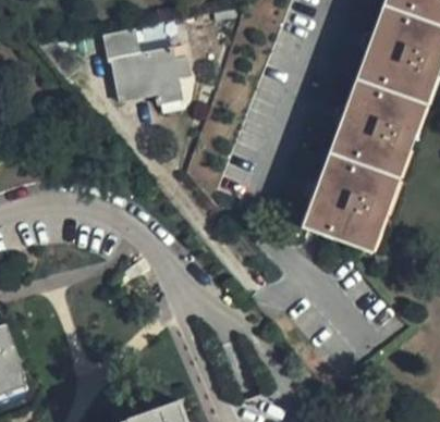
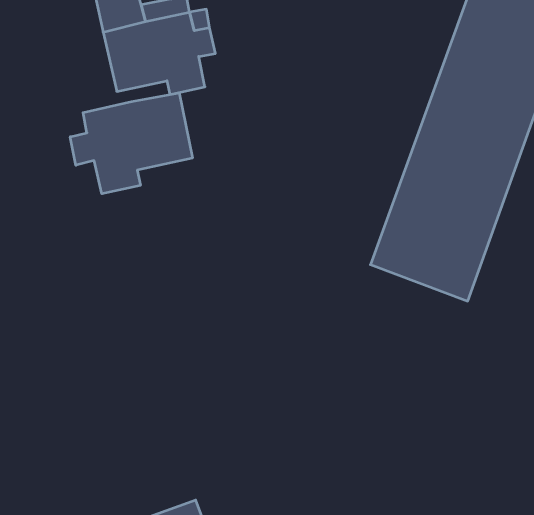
building: none -> [70,93,192,194]

